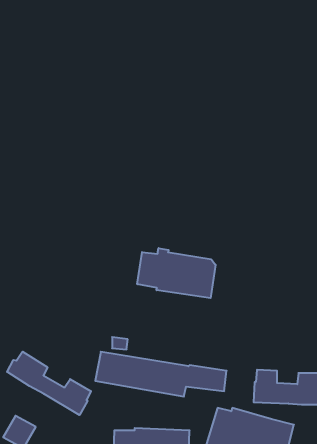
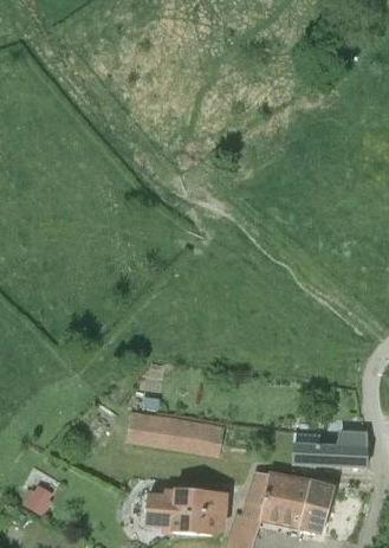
building: [137,248,216,298] -> none
building: [7,352,91,415] -> none

